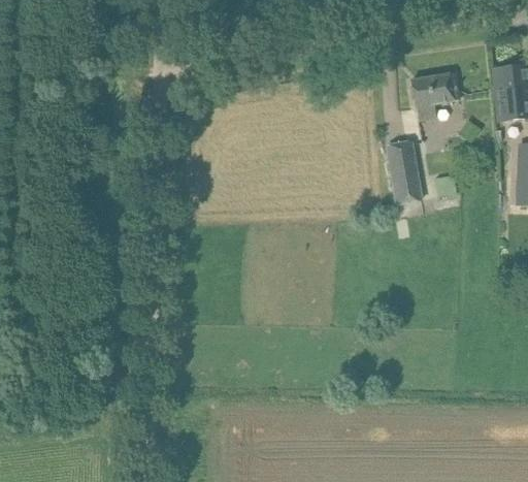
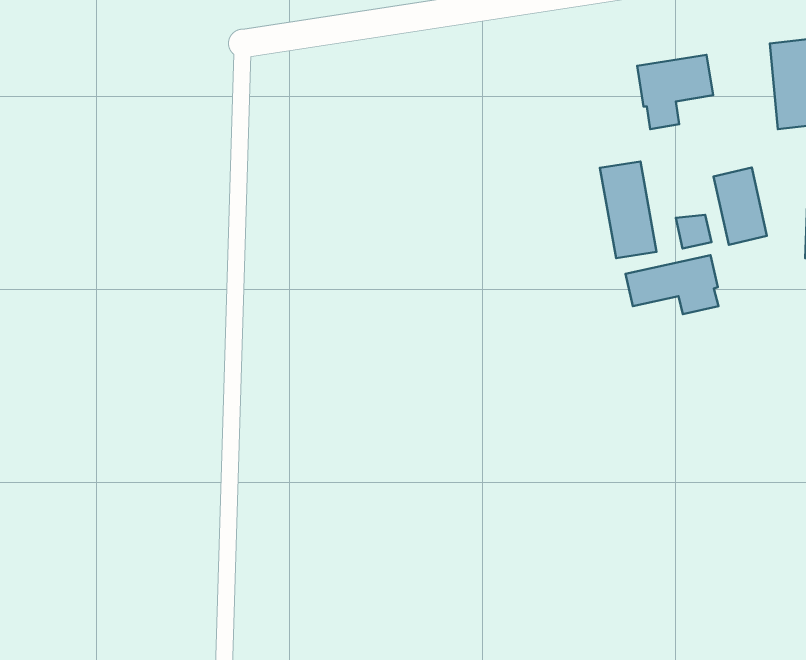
building: none -> [714,167,767,245]
building: none -> [626,255,718,314]

